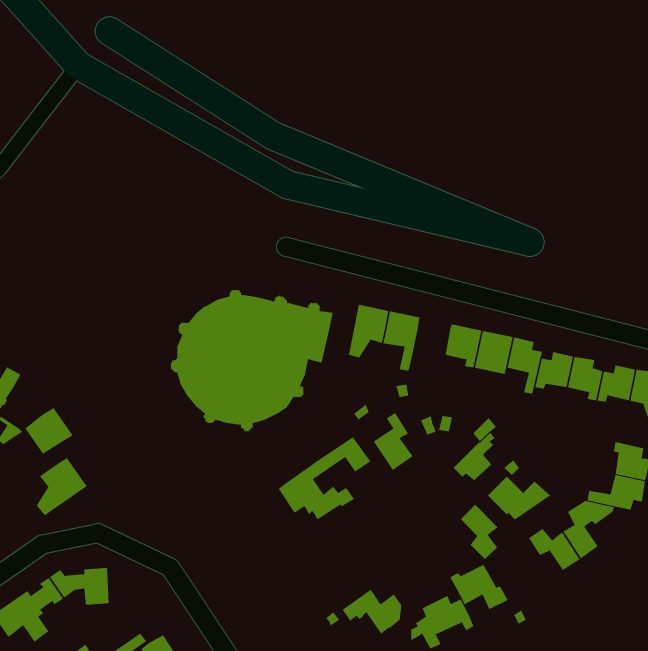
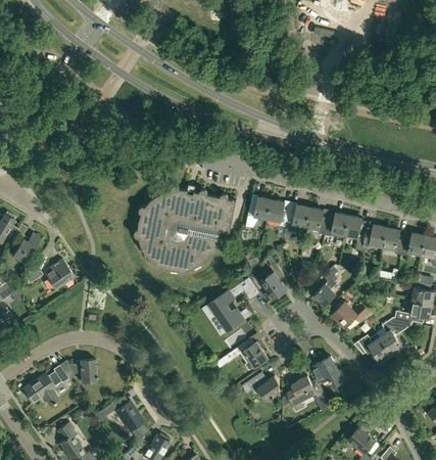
building: none -> [284,202,309,234]
building: [36,457,88,516] -> none
building: [460,504,499,560] -> none
building: none -> [224,339,267,370]

